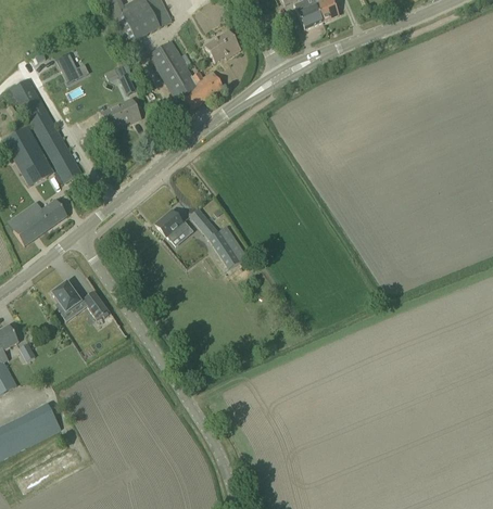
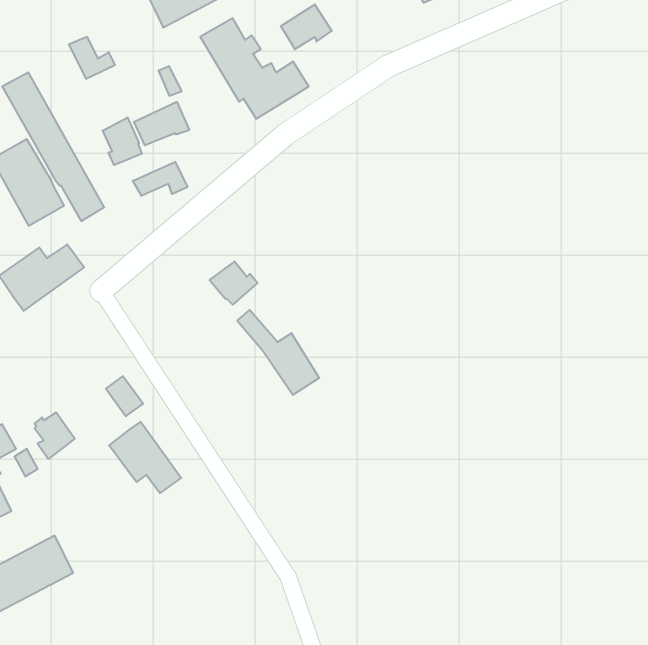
building: none -> [103,117,142,165]
building: none -> [133,162,187,196]
building: [189,208,246,268] -> [237,310,319,395]
building: [52,282,80,315] -> [35,413,75,459]
building: none -> [109,422,181,493]

